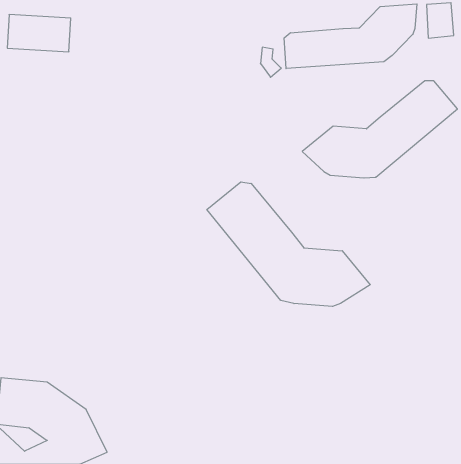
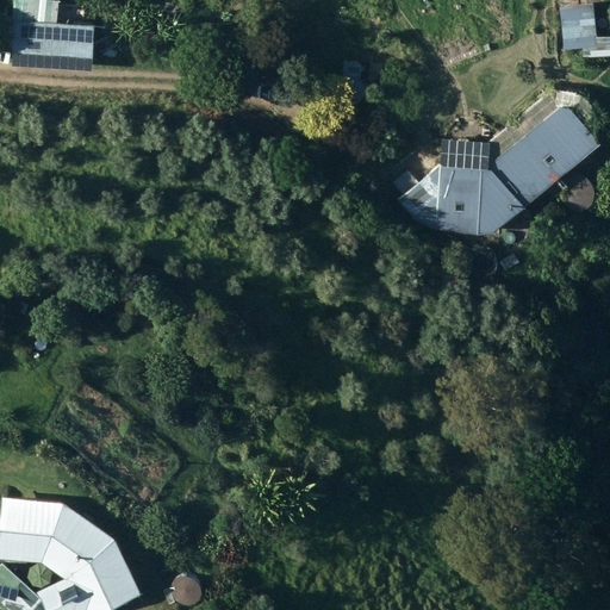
building: [284,4,417,69] -> none
building: [207,182,370,306] -> none

